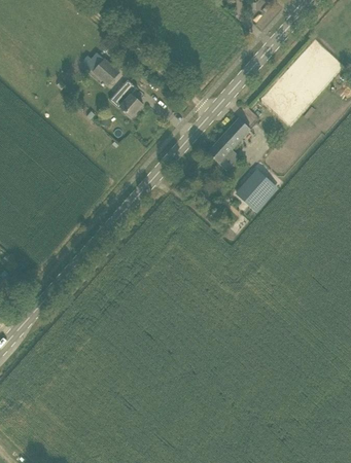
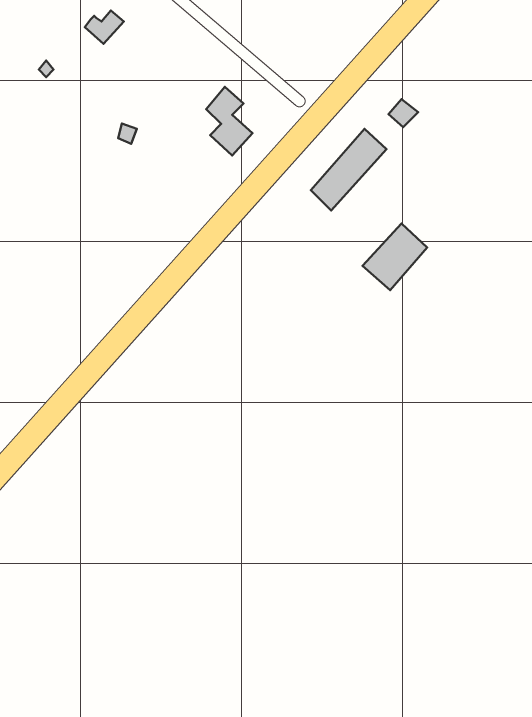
building: [93,59,120,85] -> none
building: [117,79,143,117] -> [206,87,253,155]

